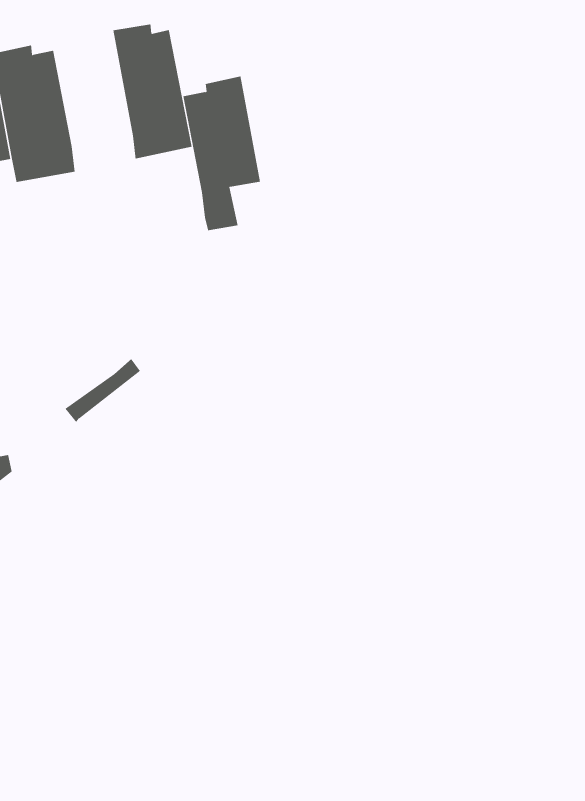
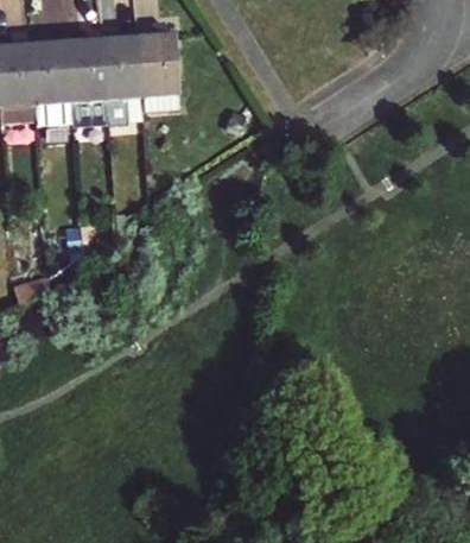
building: [183,76,261,231] -> [101,31,142,122]

